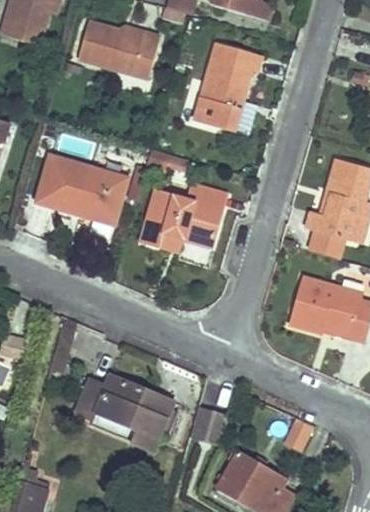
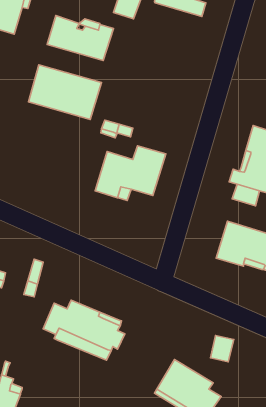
building: [193,41,262,136] -> none
building: [37,155,128,223] -> [28,65,101,119]
building: [191,407,226,445] -> none

